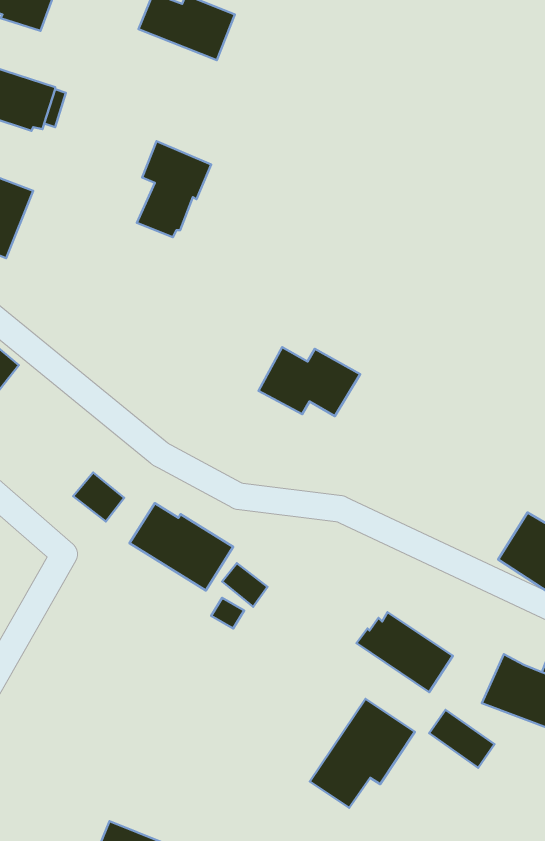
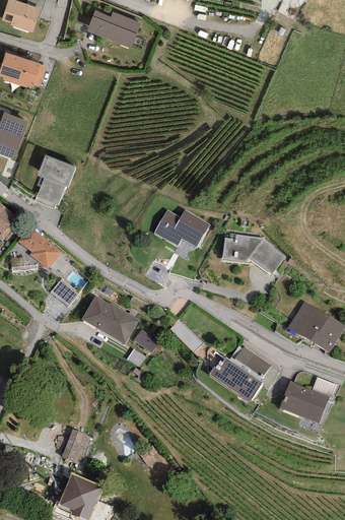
building: [137,141,211,237] -> [33,154,75,208]
building: none -> [17,225,61,269]
building: none -> [221,234,286,275]
building: [310,699,415,808] -> none
building: [429,710,495,768] -> [234,345,271,378]
building: none -> [61,429,89,463]

